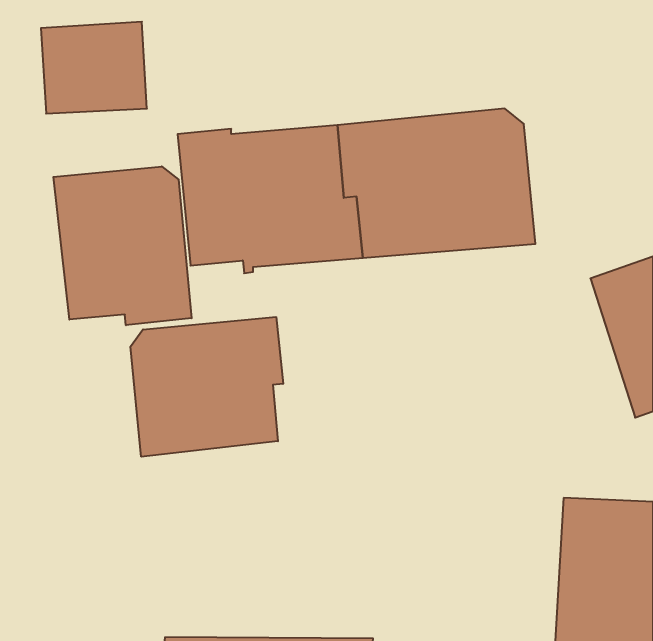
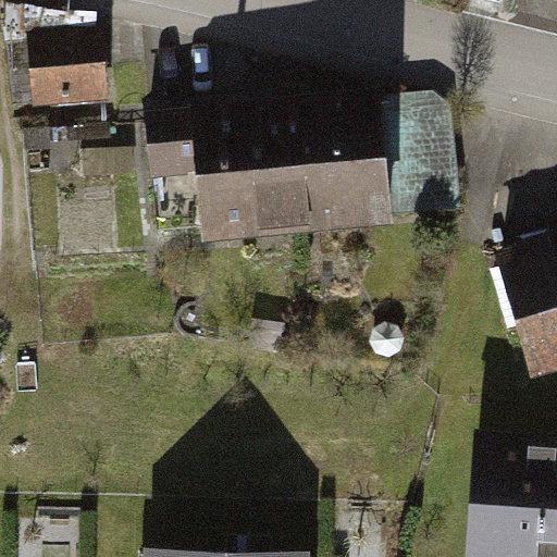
building: [53,166,192,325] -> none
building: [131,317,283,457] -> none

